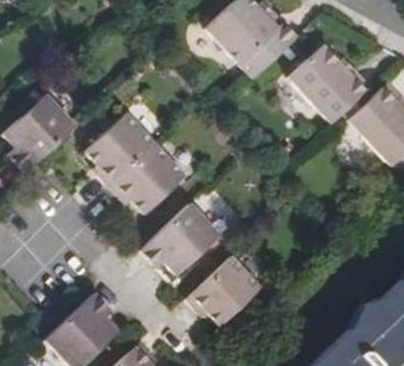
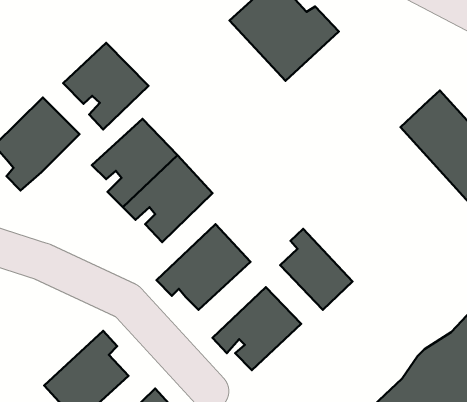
building: [286,45,362,124] -> none
building: none -> [63,43,148,130]
building: none -> [280,229,353,310]

